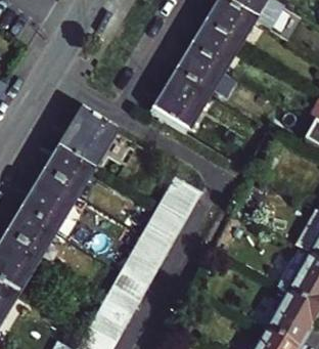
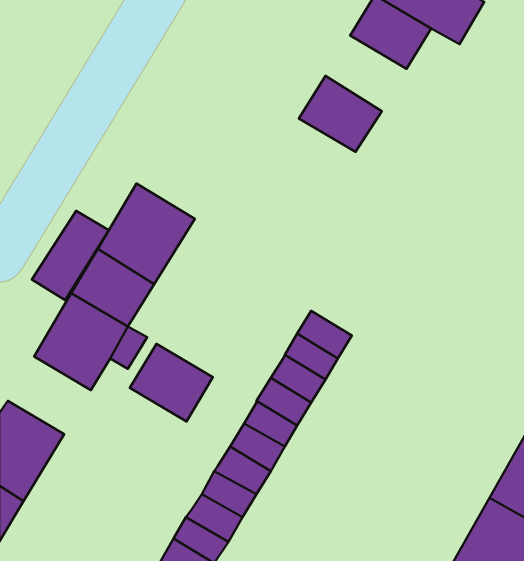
building: [191,23,238,67] -> none
building: [153,71,209,128] -> none
building: none -> [32,211,109,300]
building: [7,209,55,254] -> [130,344,213,421]

